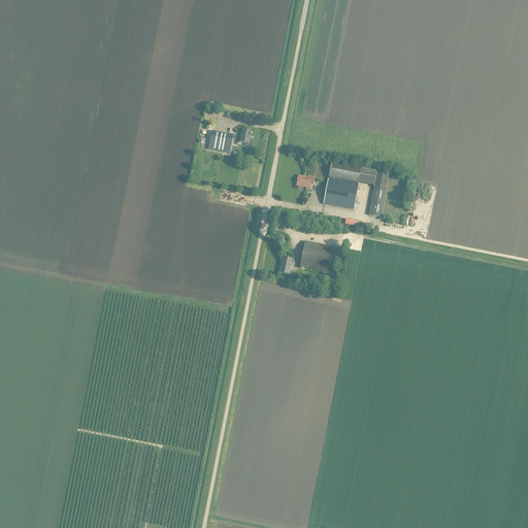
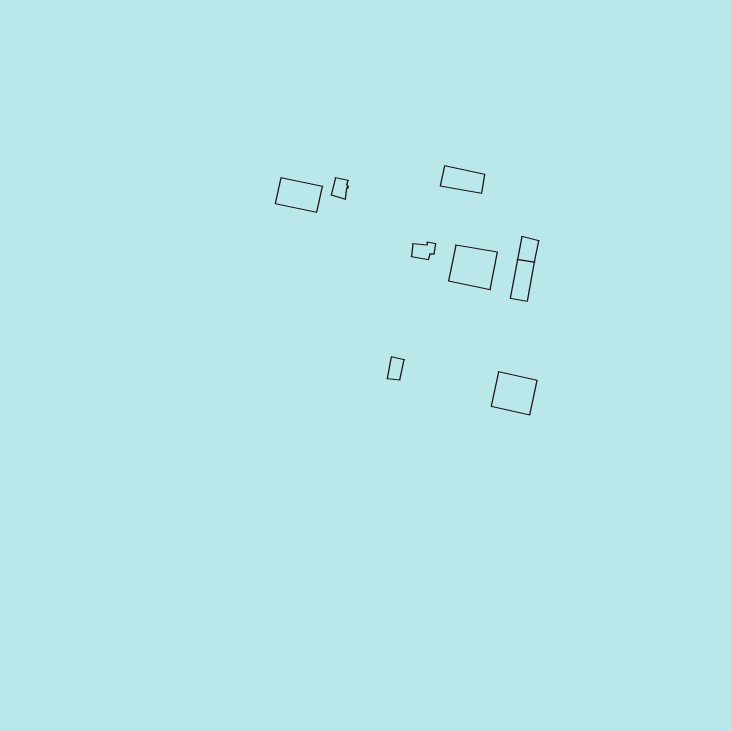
building: [328,162,360,182] -> [440,166,485,193]
building: [299,240,332,271] -> [491,372,537,415]

